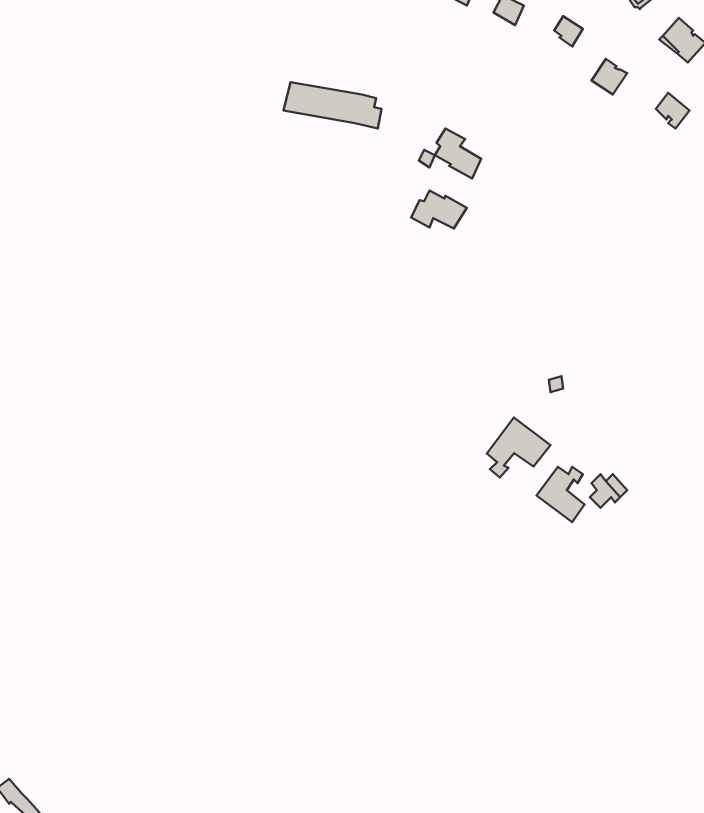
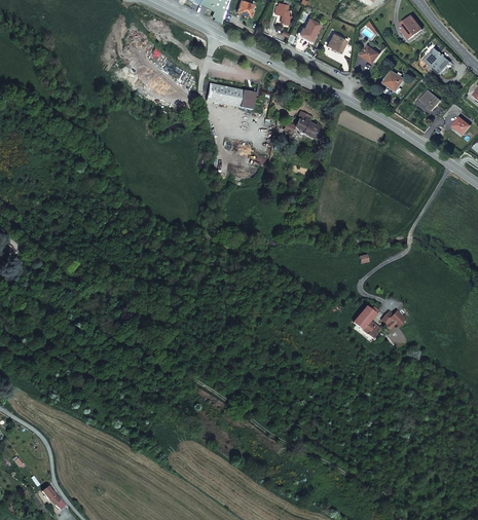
building: [411,191,467,229] -> none
building: [487,418,550,478] -> none

